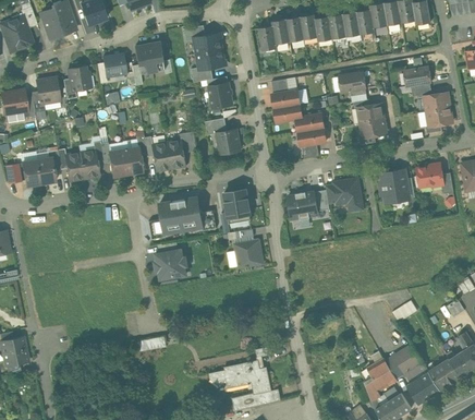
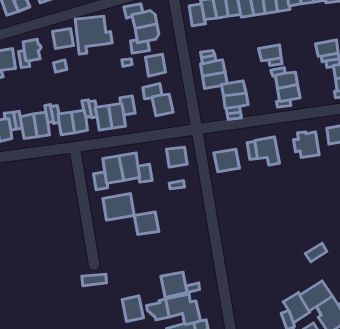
building: [234,241,263,267] -> [134,212,159,234]
building: none -> [161,272,187,297]
building: none -> [122,296,143,322]

